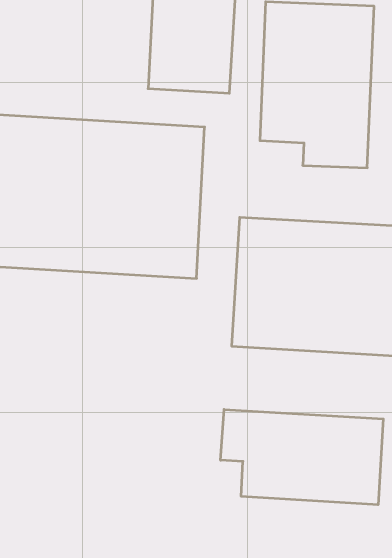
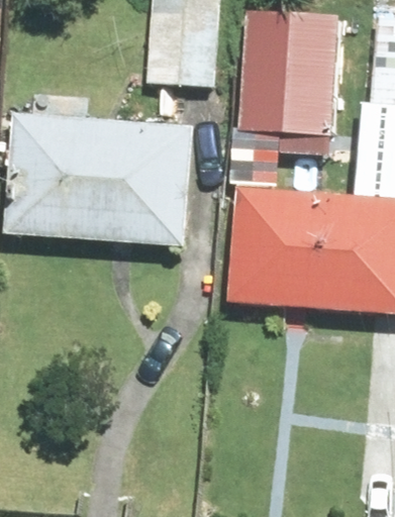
building: [221,409,383,505] -> none

